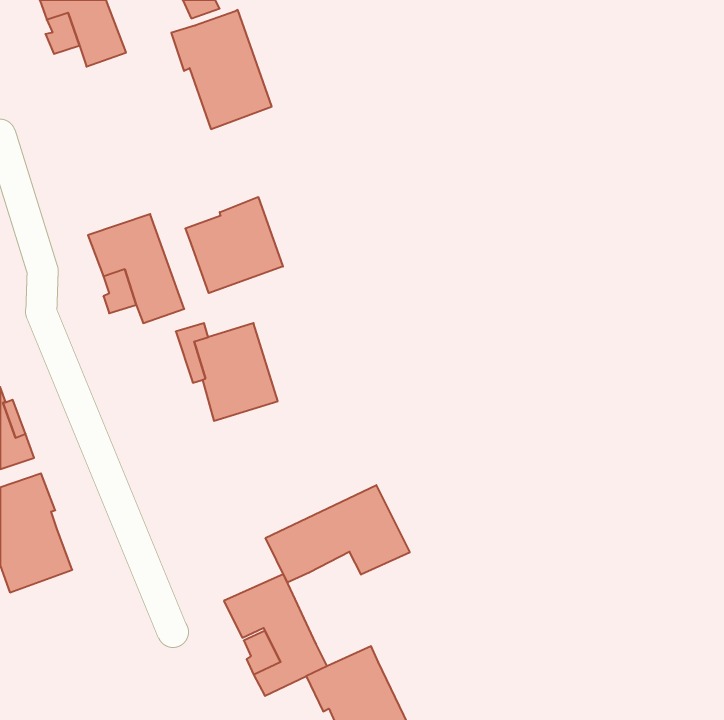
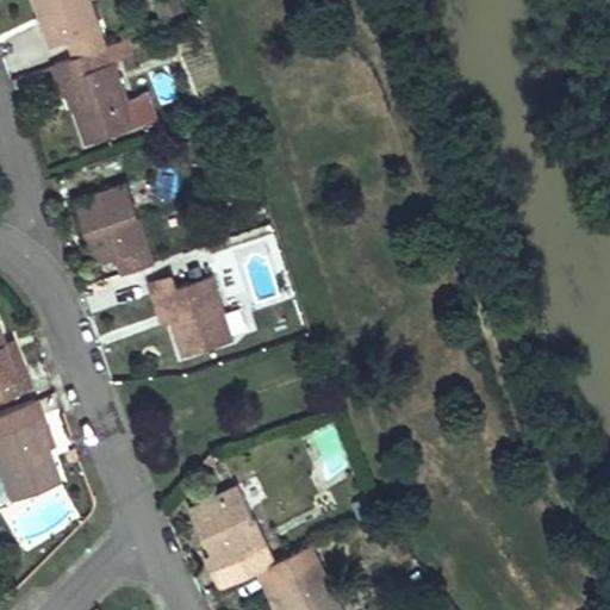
building: [171,10,272,129] -> [52,46,137,147]
building: [185,197,283,293] -> none
building: [266,485,410,582] -> none

